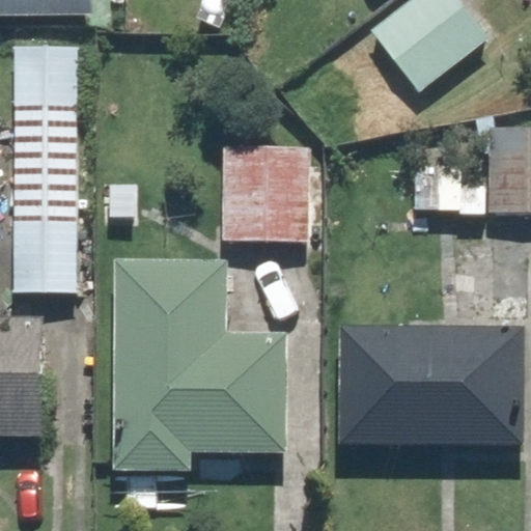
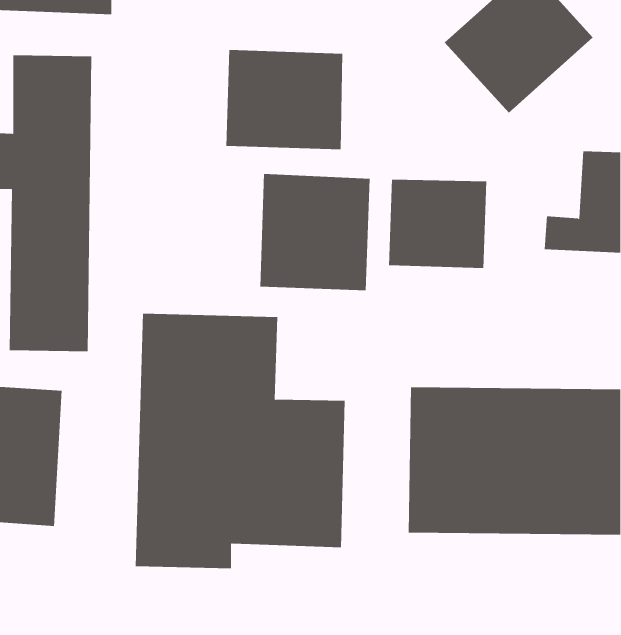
building: none -> [226,49,343,150]
building: none -> [388,179,487,269]

